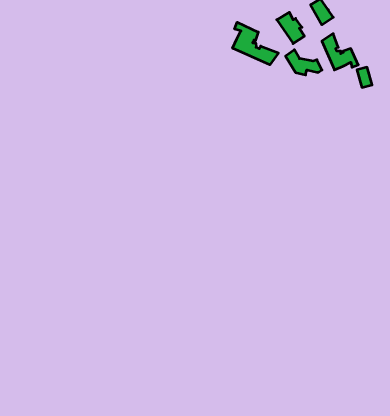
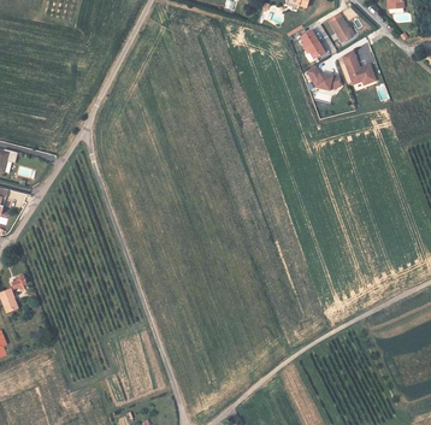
building: [233,22,278,65] -> none

